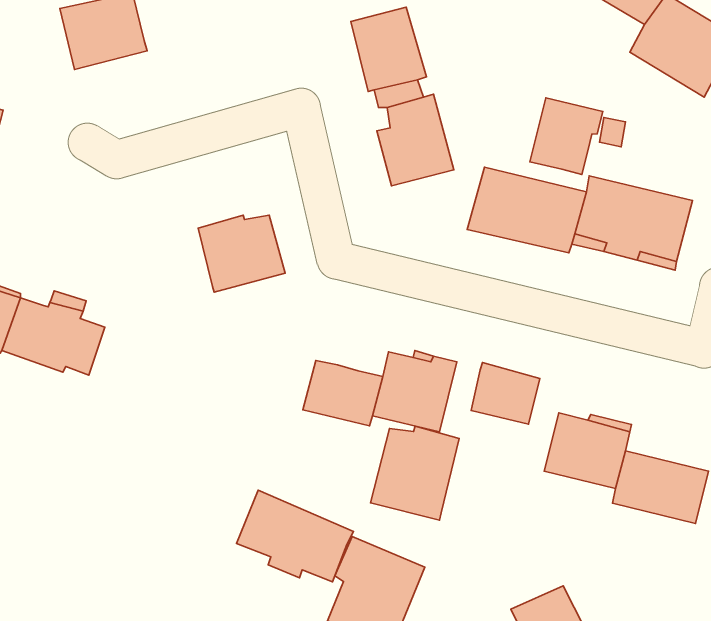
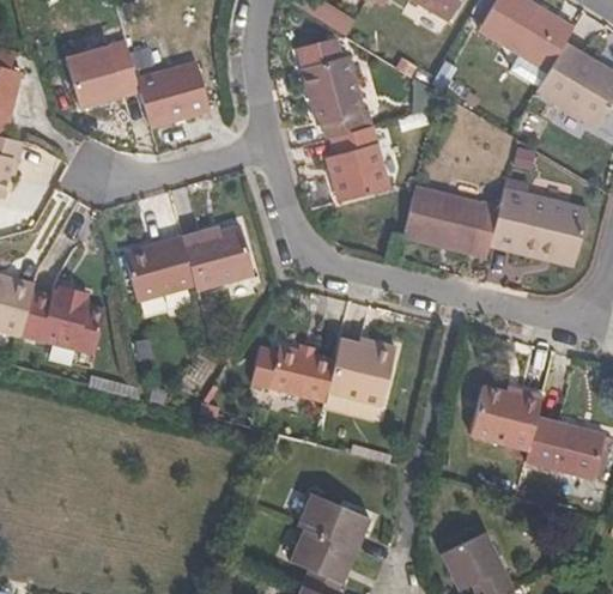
building: none -> [136,63,210,128]
building: [530,98,603,174] -> none
building: none -> [123,236,193,299]
building: [471,362,540,424] -> none
building: [370,426,459,520] -> none
building: [236,490,354,582] -> none

